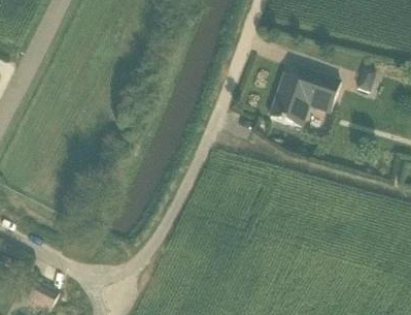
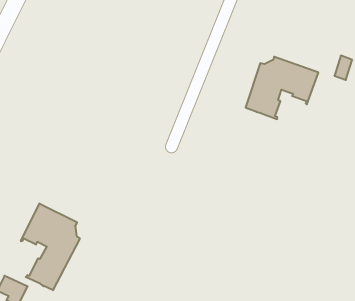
building: none -> [21,203,80,290]

